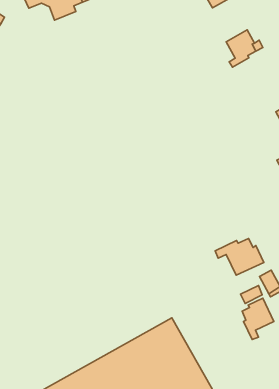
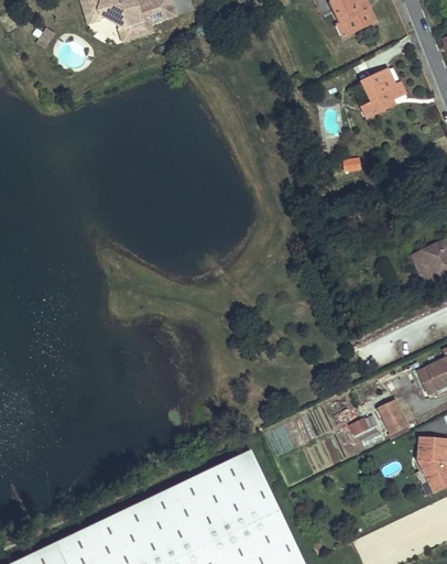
building: [215,239,264,275] -> none
building: [242,298,274,339] -> none

